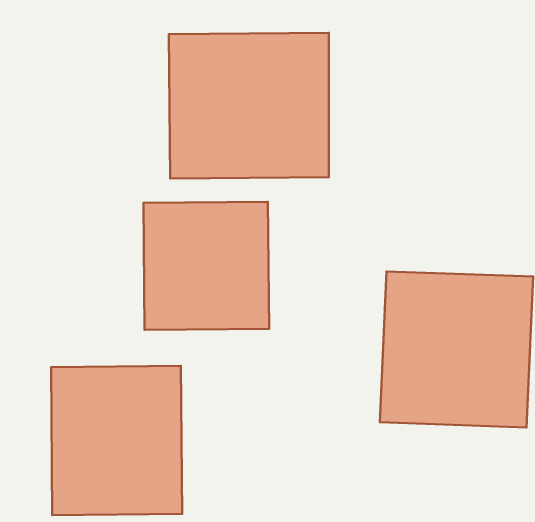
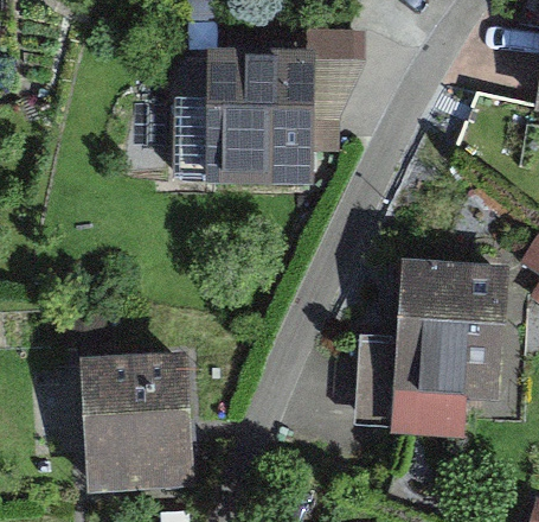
building: [143,202,269,330] -> none

